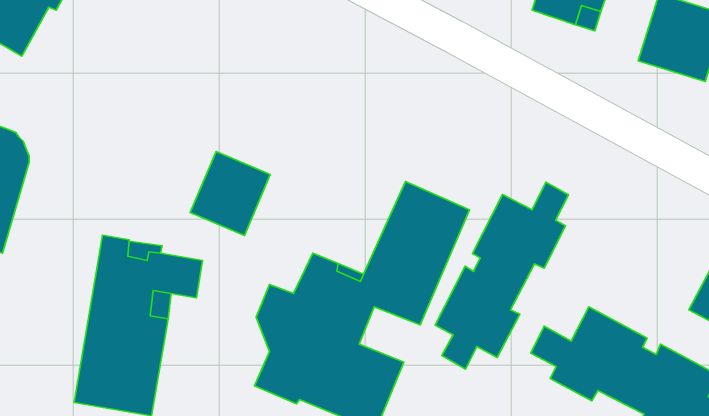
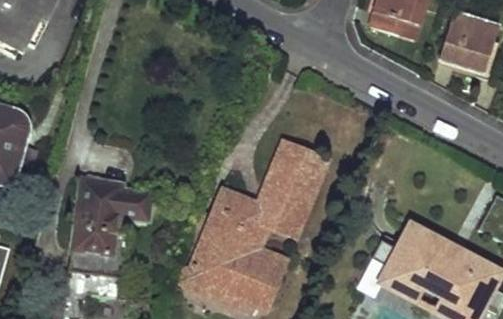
building: [190,151,270,236] -> none
building: [435,182,569,369] -> none

